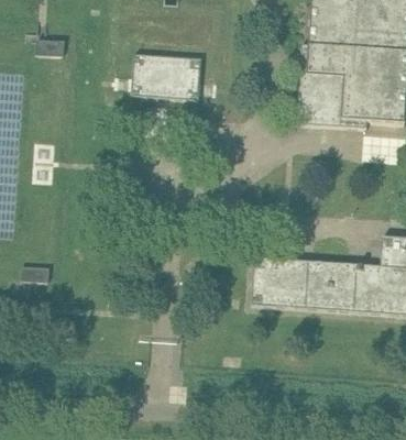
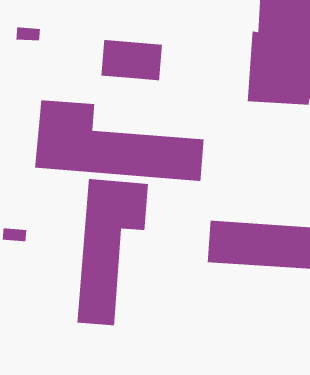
building: none -> [34,100,205,182]
building: none -> [77,178,149,326]

